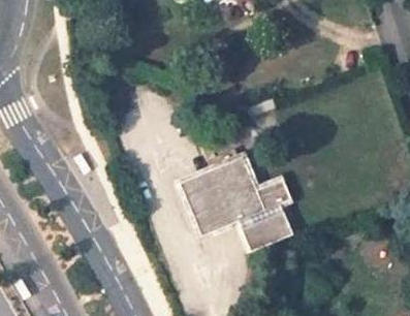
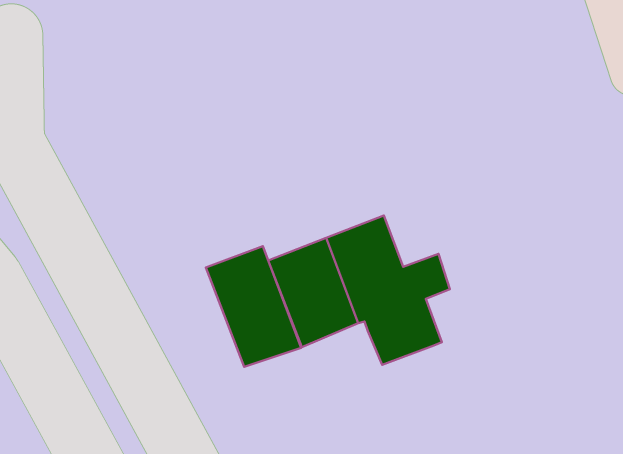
building: none -> [206,246,301,367]

